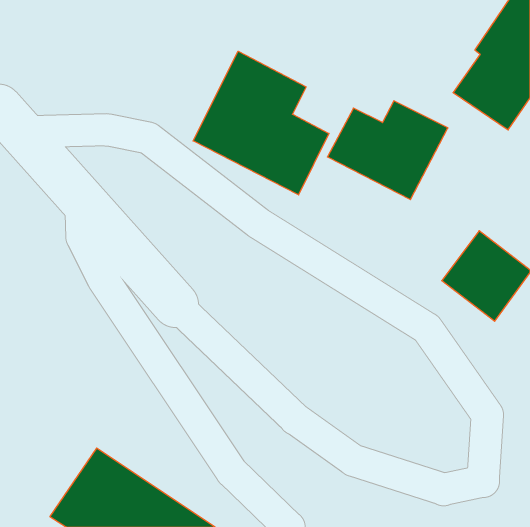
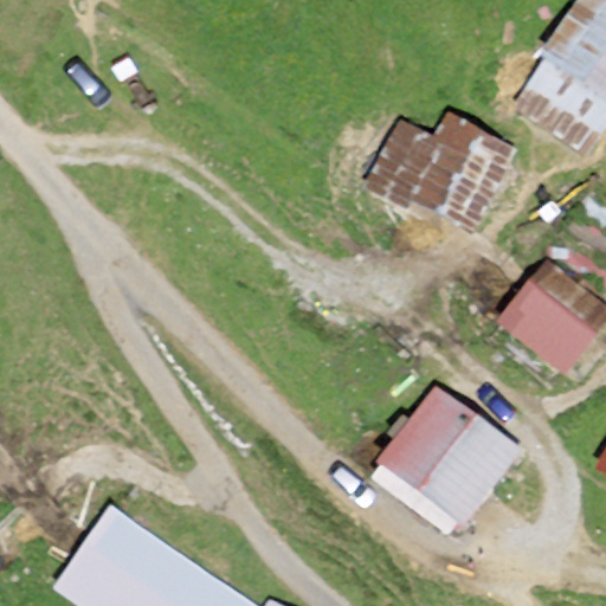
building: [193,51,329,195] -> none
building: none -> [385,392,508,515]

